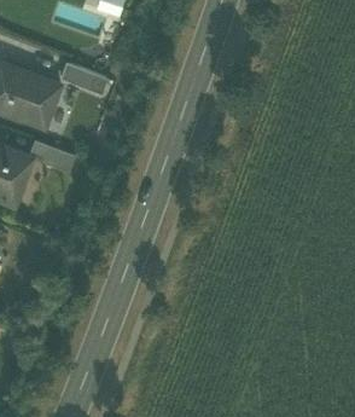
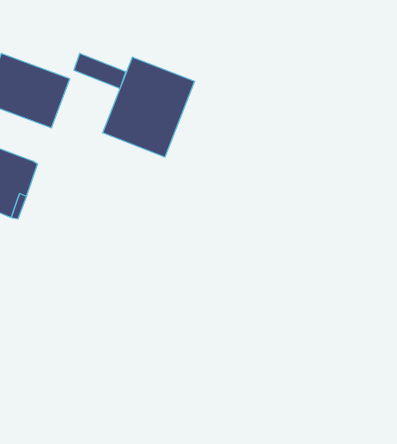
building: none -> [103,57,195,157]
building: [29,141,76,174] -> none

